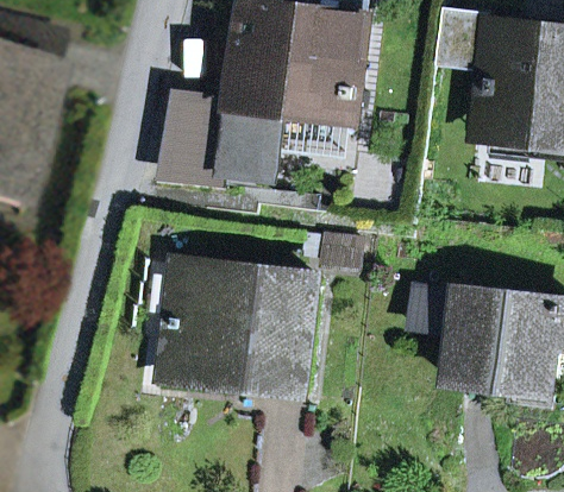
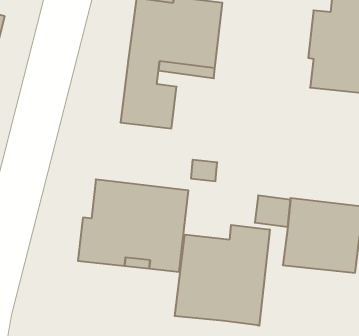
building: [152,90,230,184] -> none
building: none -> [175,225,270,326]

